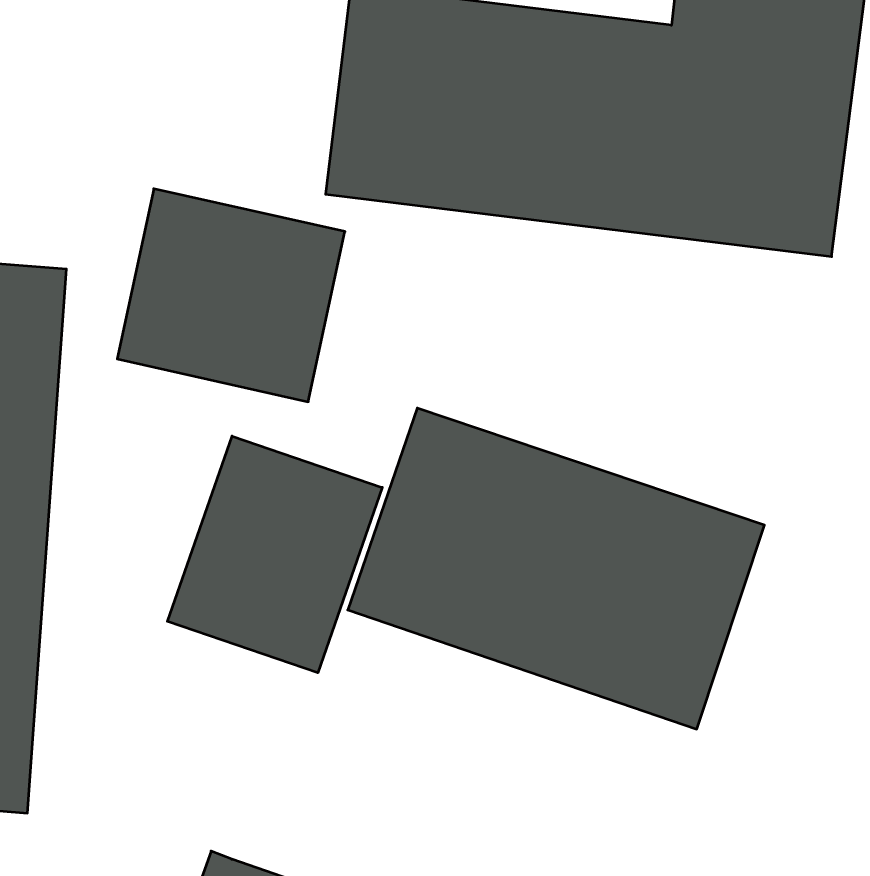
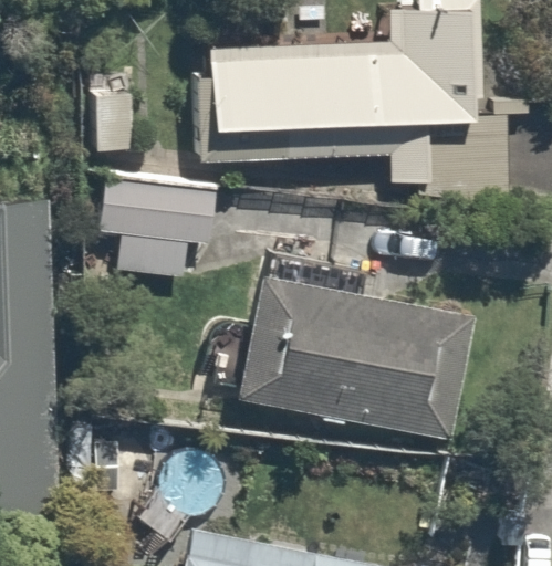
building: [167,436,382,673] -> none

